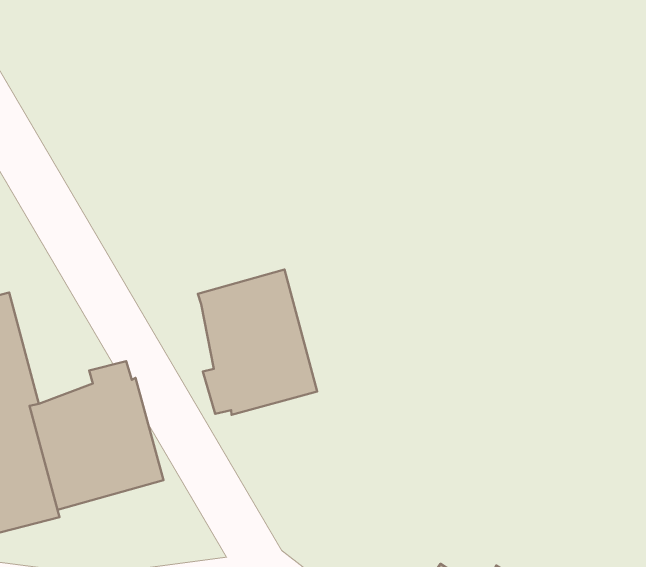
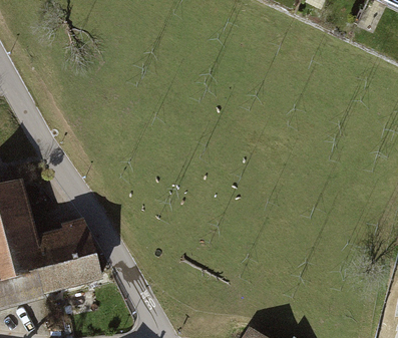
building: [198,269,317,415] -> none

